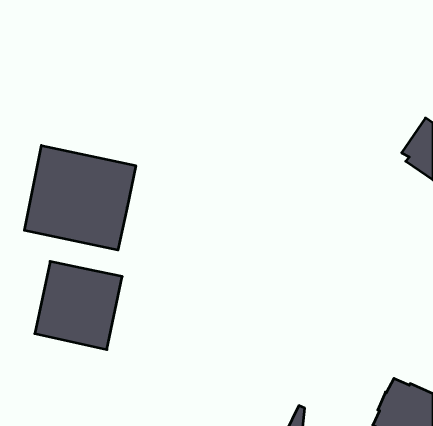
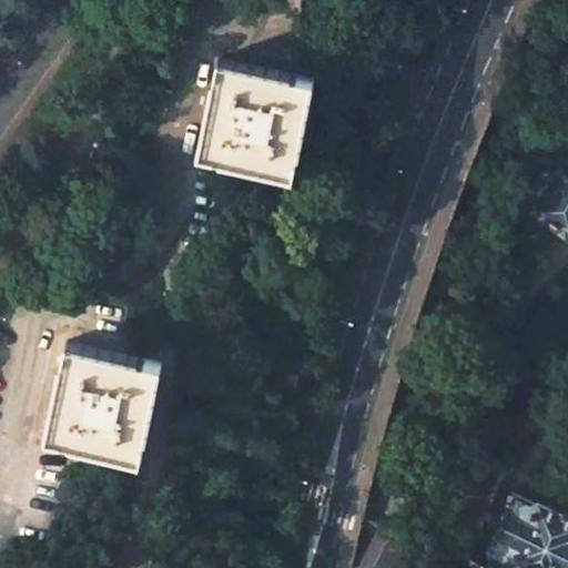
building: none -> [197,69,313,183]
building: [24,145,136,250] -> none

